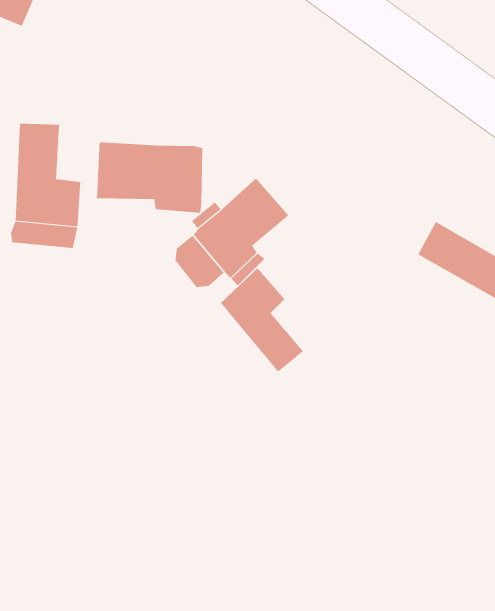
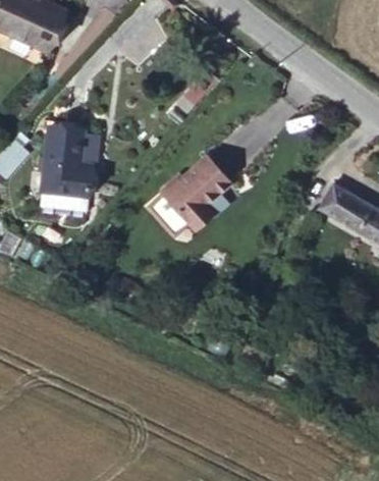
building: [97,141,203,214] -> none
building: [220,268,304,372] -> none

